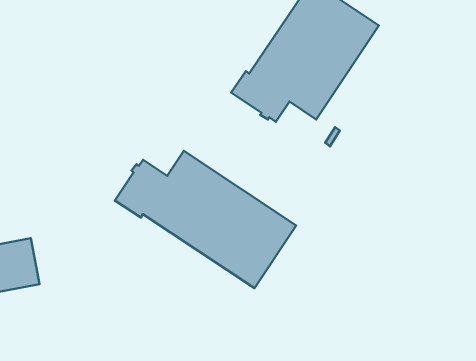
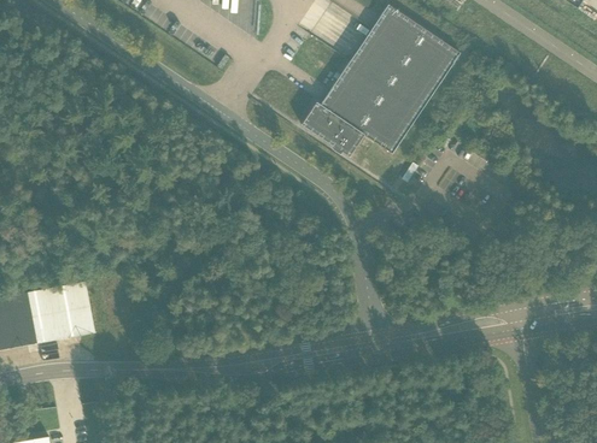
building: [115,151,296,288] -> none

